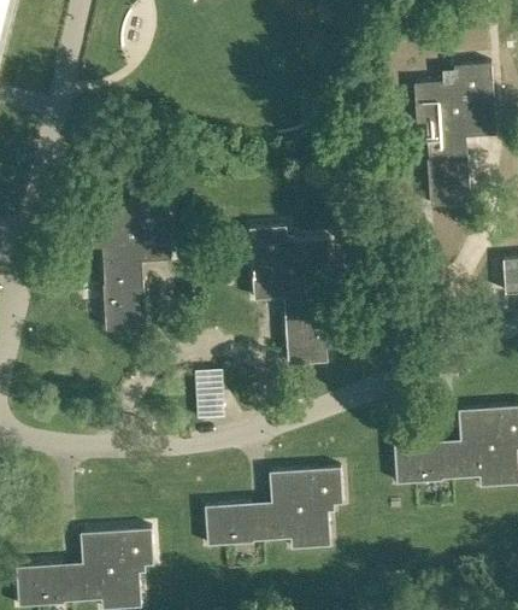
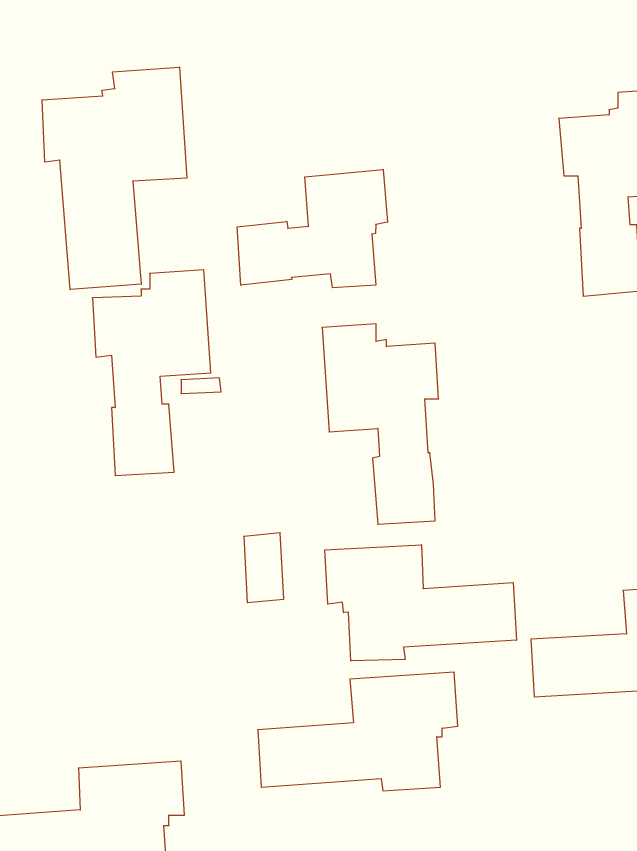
building: none -> [42,67,187,290]
building: none -> [237,169,387,288]
building: none -> [325,545,516,661]

